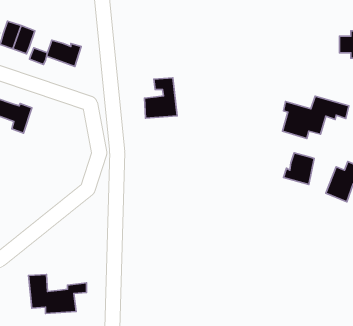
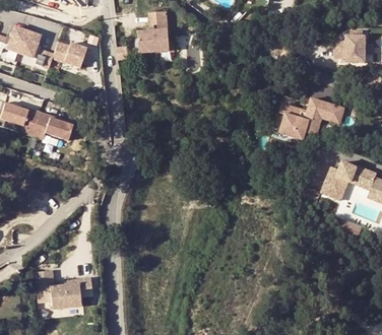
building: [144,78,177,118] -> [138,12,170,51]
building: none -> [30,110,71,139]
building: [284,153,314,185] -> none

